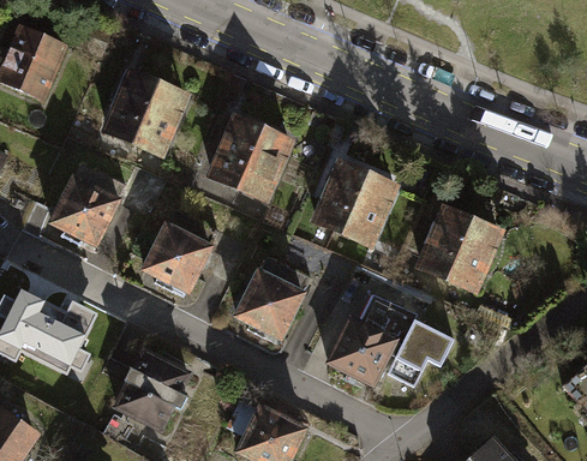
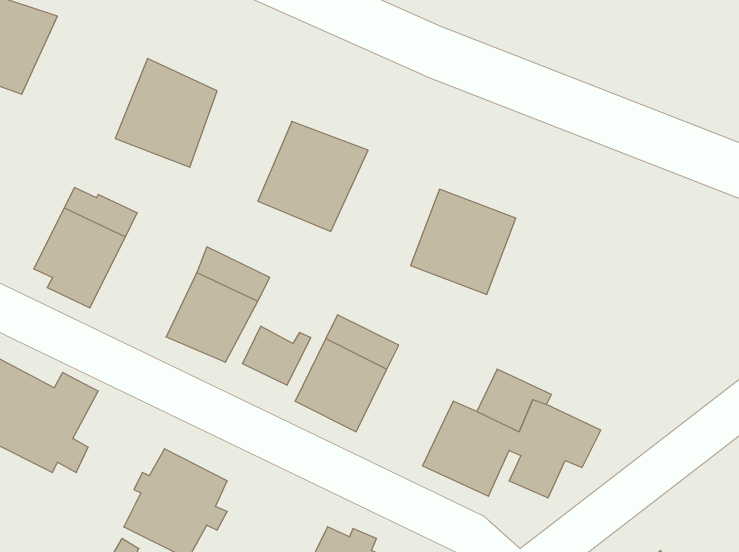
building: [420,211,497,291] -> none
building: none -> [243,326,311,385]

